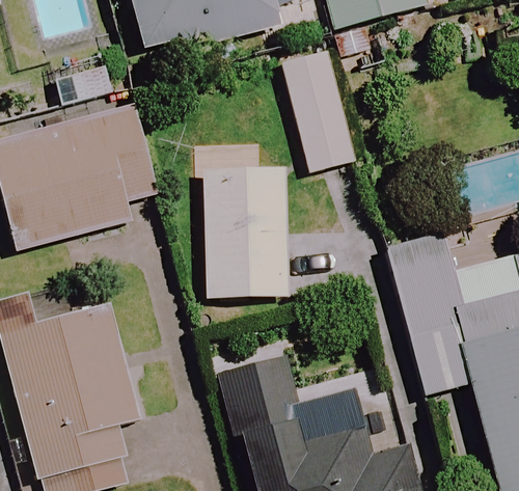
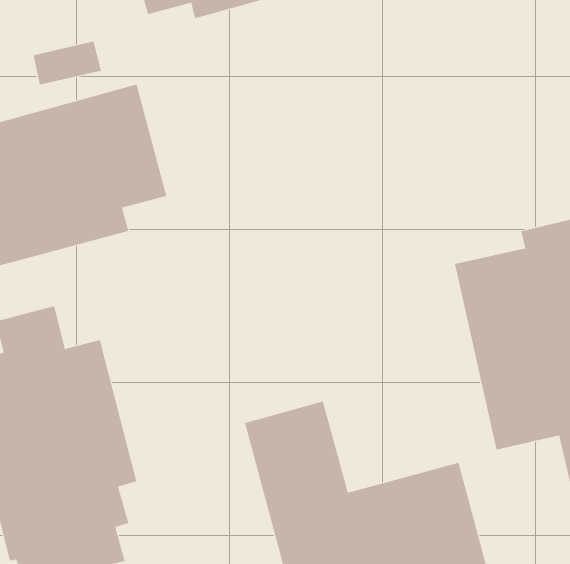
building: [281,48,357,172] -> none
building: [204,166,289,298] -> none

